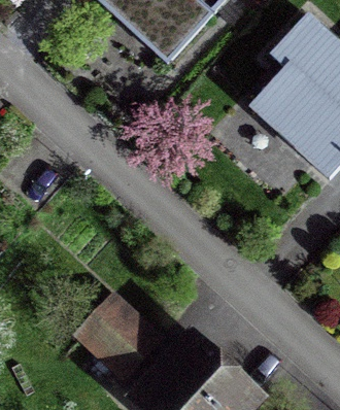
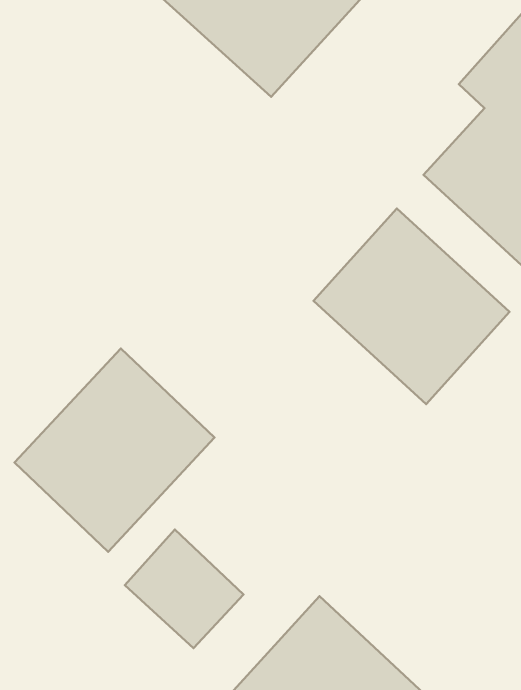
building: none -> [314,209,509,404]
building: none -> [14,348,214,552]

